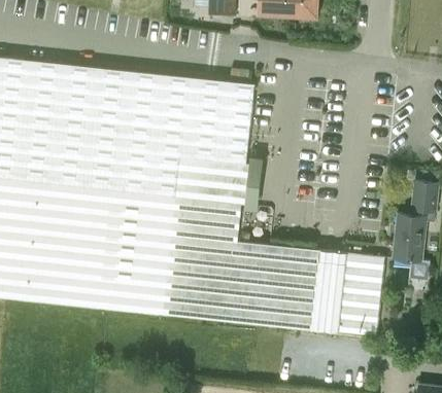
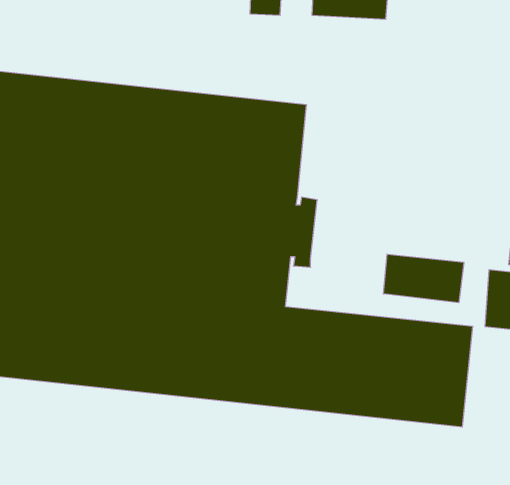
building: none -> [383,254,464,303]

